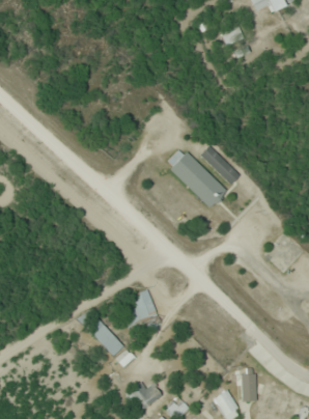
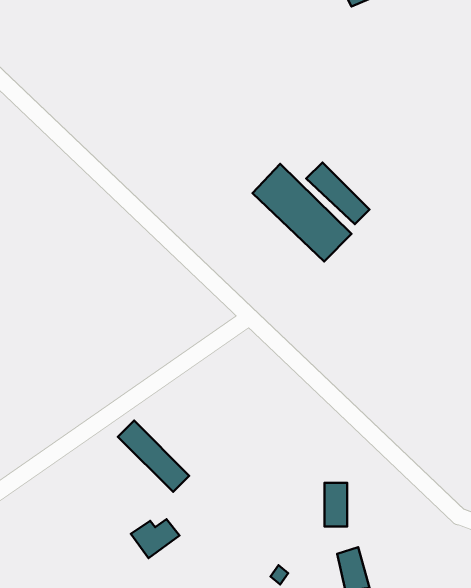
building: [131,291,158,331] -> none
building: [243,372,257,400] -> [324,483,347,527]
building: [130,385,161,410] -> [131,519,180,558]

